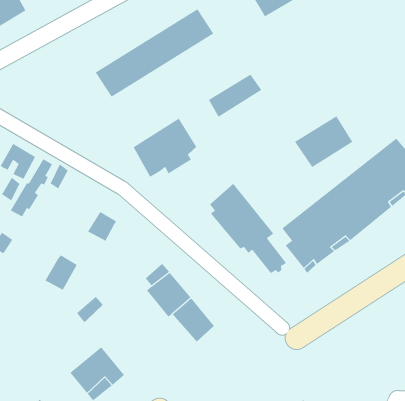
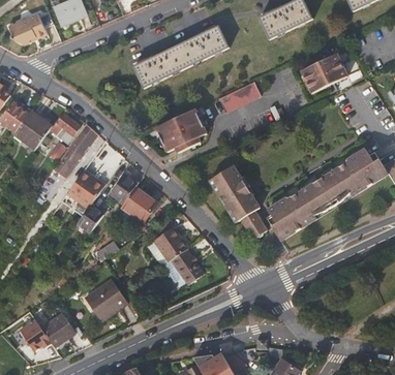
building: [294,116,353,168] -> [301,55,346,93]
building: none -> [67,171,103,208]
building: none -> [121,186,158,223]

